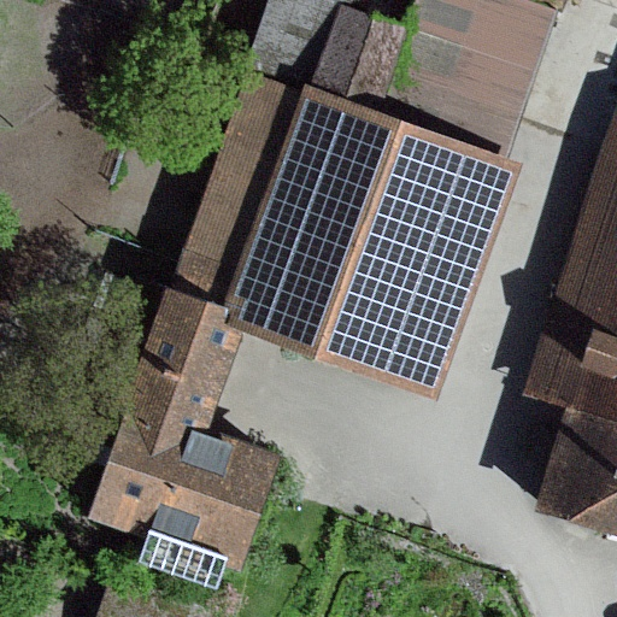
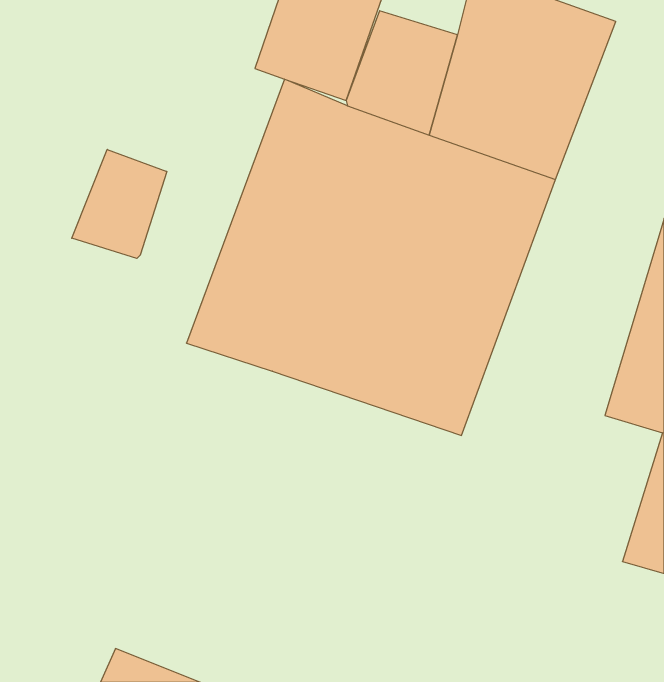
building: none -> [72,149,167,258]
building: [93,308,282,570] -> none

